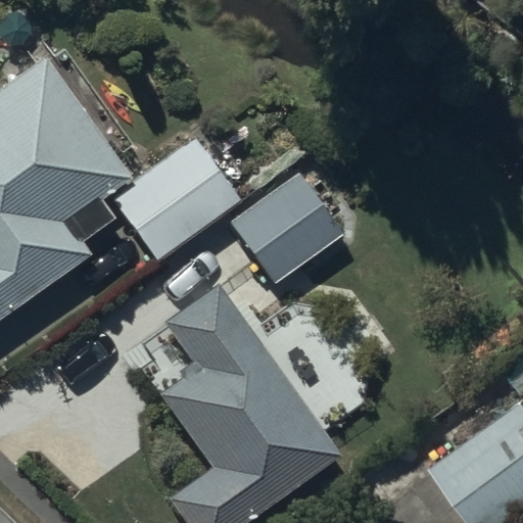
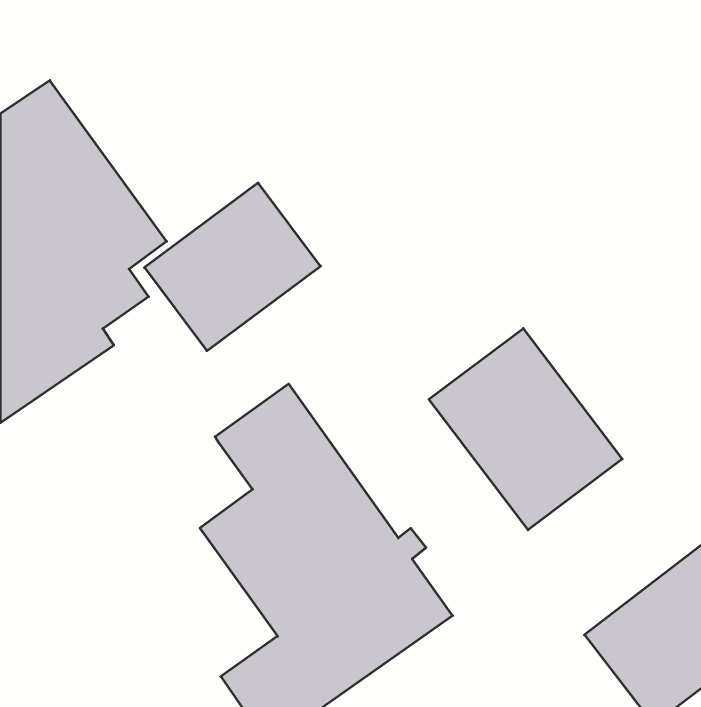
building: [230,170,343,282] -> none
building: none -> [429,328,622,530]

